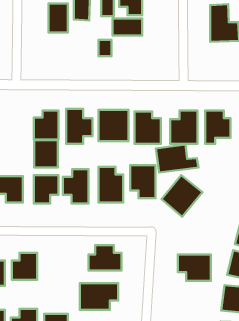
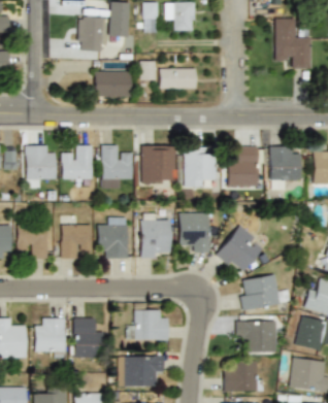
building: [112,18,142,35] -> [160,68,196,89]
building: none -> [95,71,131,97]
building: [34,140,58,167] -> [26,146,55,179]
building: [156,144,198,172] -> [239,275,291,309]
building: none -> [74,317,99,358]
building: none -> [224,361,263,392]

